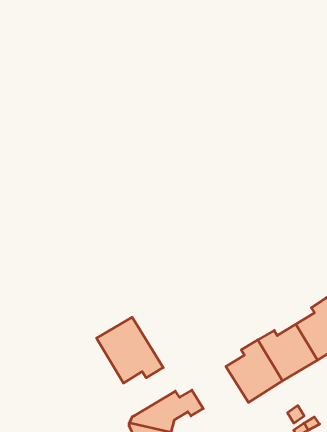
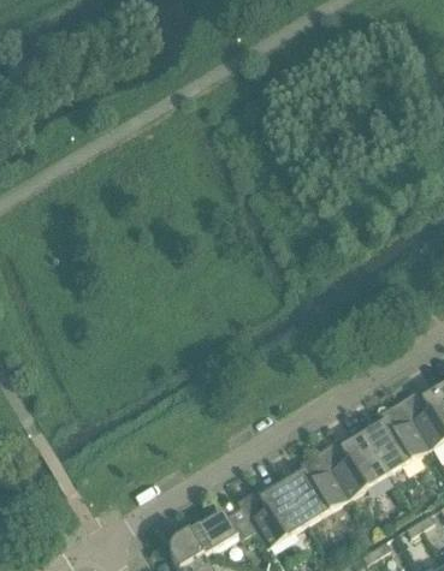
building: [97,317,163,383] -> none
building: none -> [237,480,308,547]

